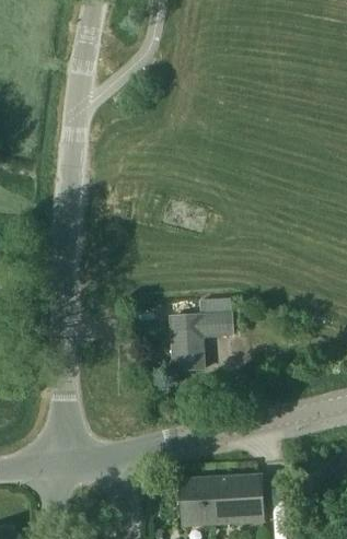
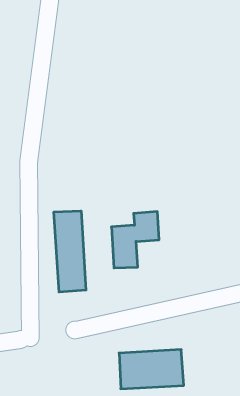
building: none -> [54,211,86,292]

